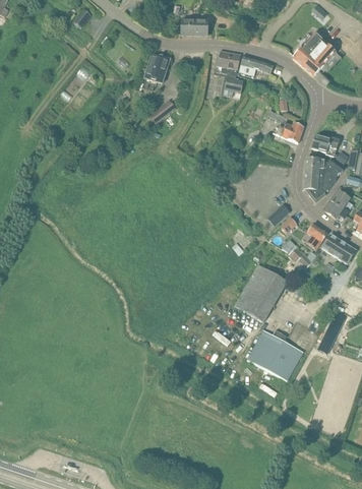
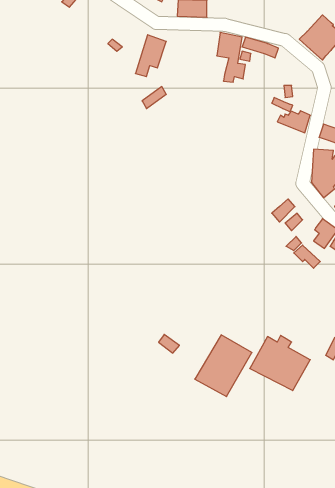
building: [234,264,287,321] -> [195,335,252,397]

